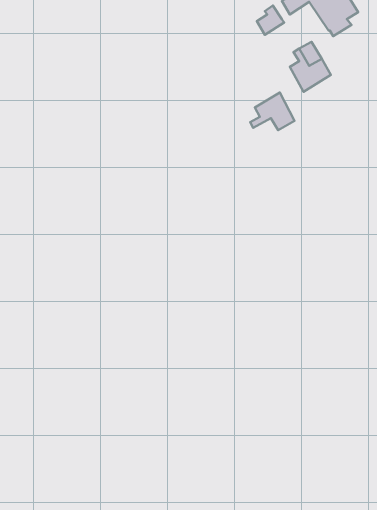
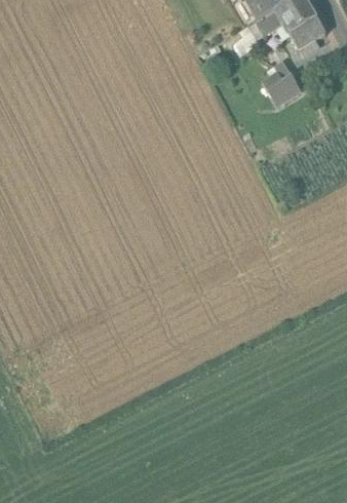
building: [250,93,294,130] -> none

